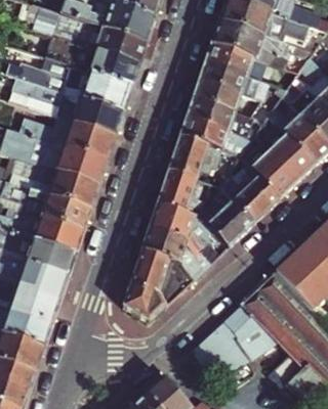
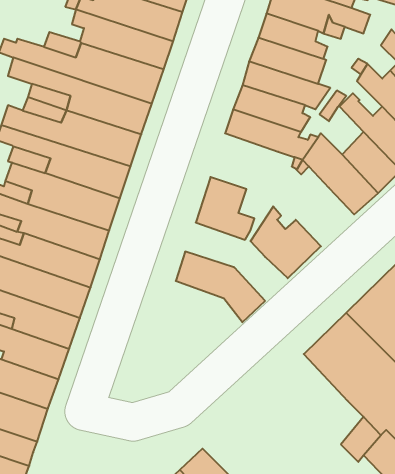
building: [169,135,221,178] -> none
building: [222,171,280,222] -> none
building: [150,203,218,264] -> none
building: [123,248,194,322] -> none
building: [187,305,275,379] -> none

